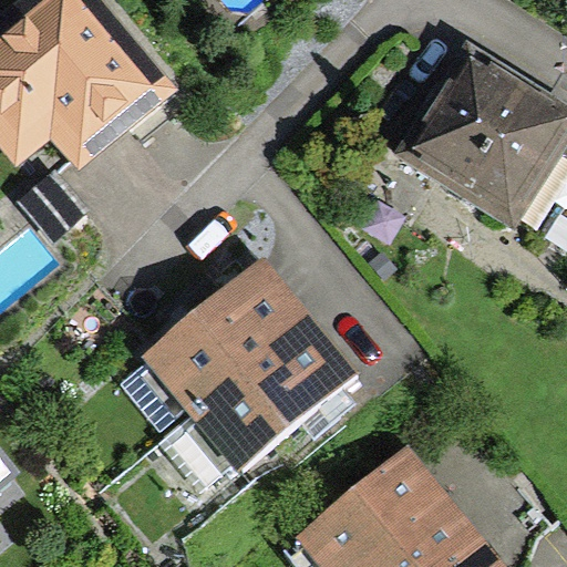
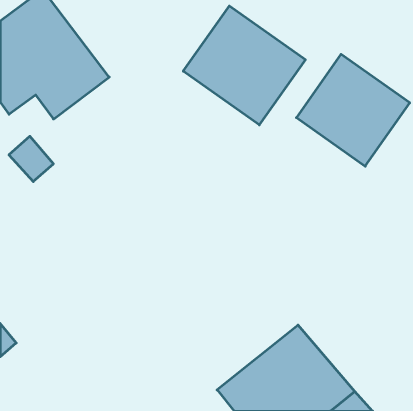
building: none -> [183,6,305,125]
building: [141,259,353,470] -> none

